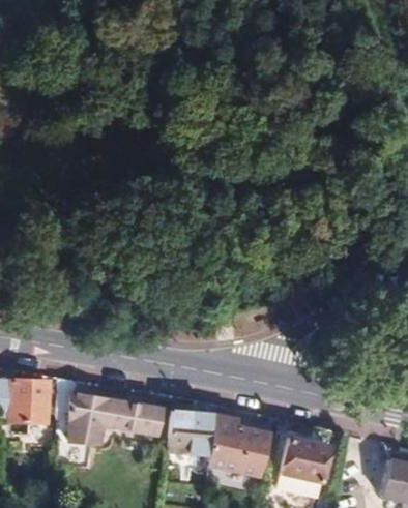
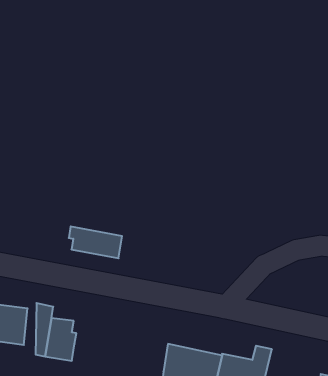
building: [103,396,165,434] -> [69,226,122,258]
building: [169,399,216,455] -> none

